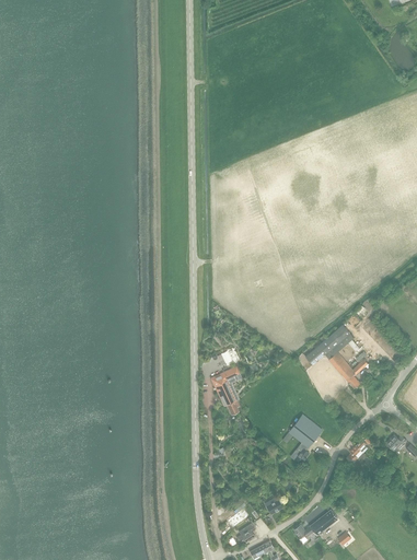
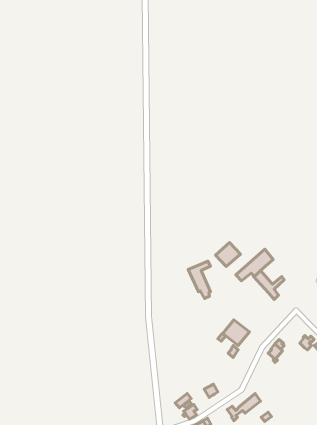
building: none -> [215,242,240,267]
building: [211,365,240,413] -> [188,261,211,299]

